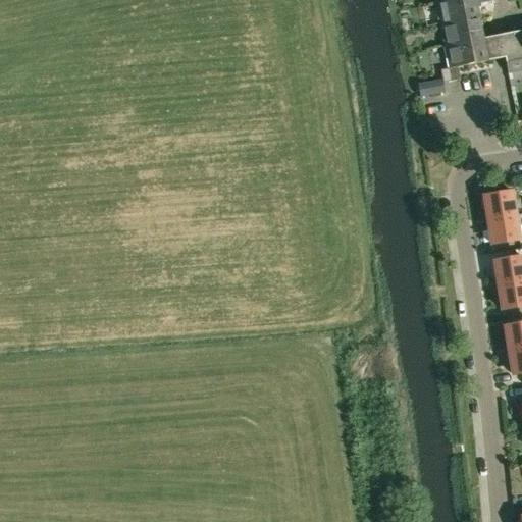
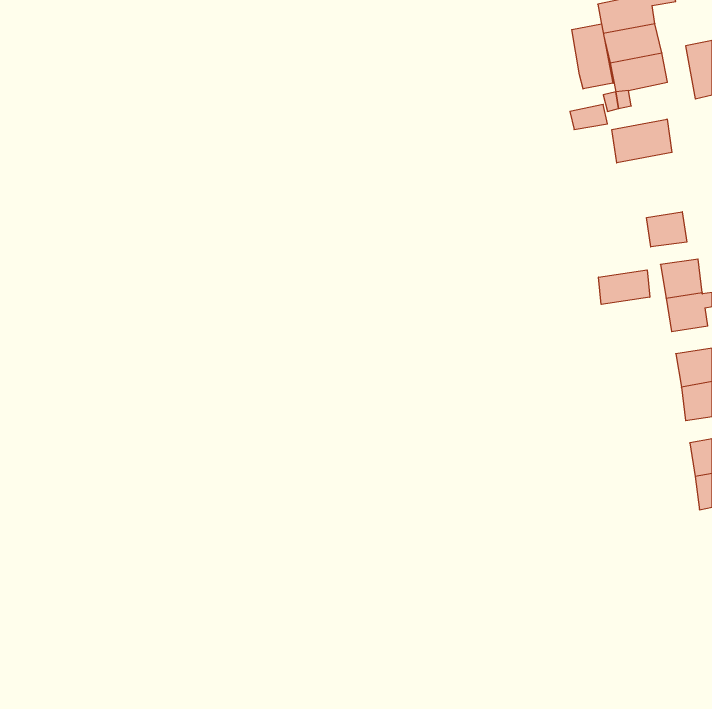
building: none -> [572,24,613,89]
building: none -> [612,119,672,163]
building: none -> [647,212,687,247]
building: none -> [599,270,650,304]

